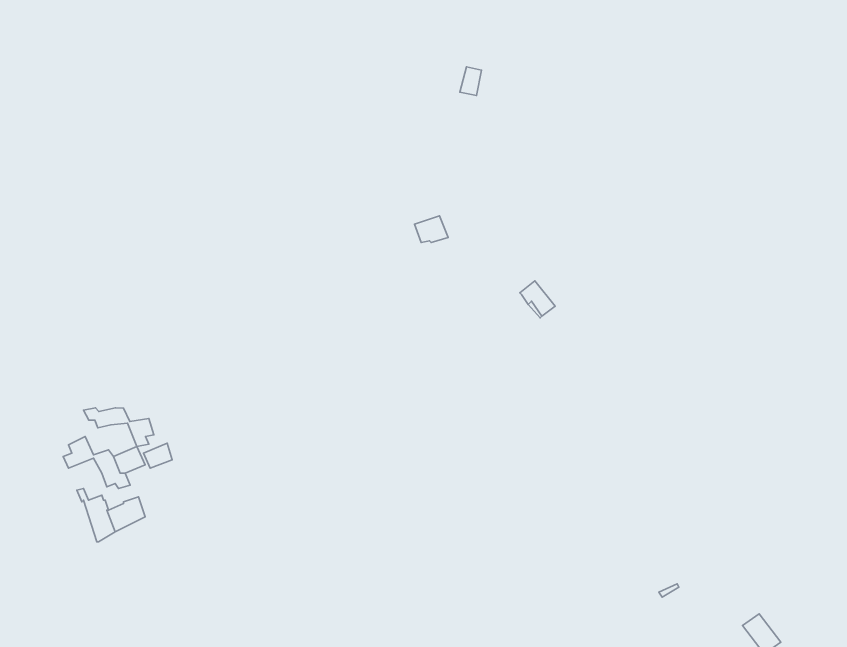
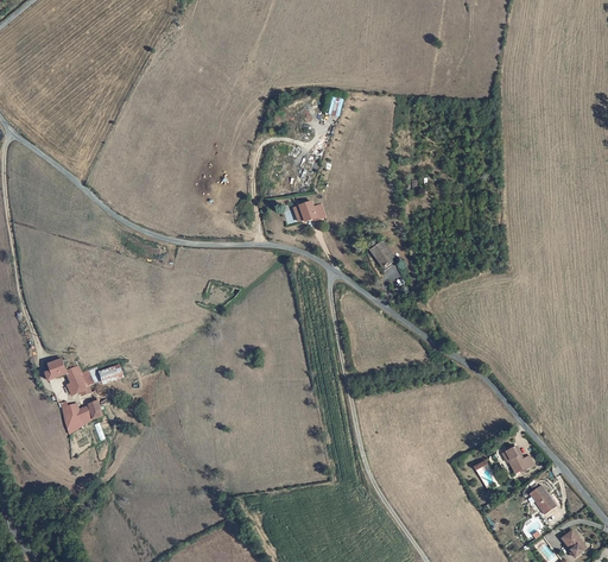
building: [84,408,154,447] -> none
building: none -> [501,448,533,476]

